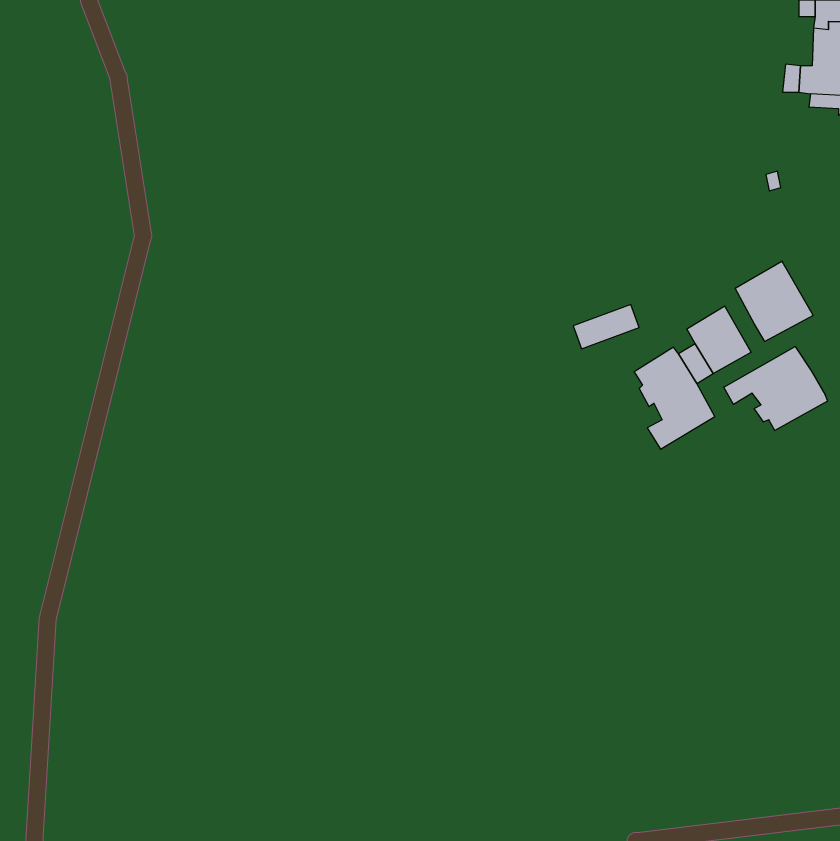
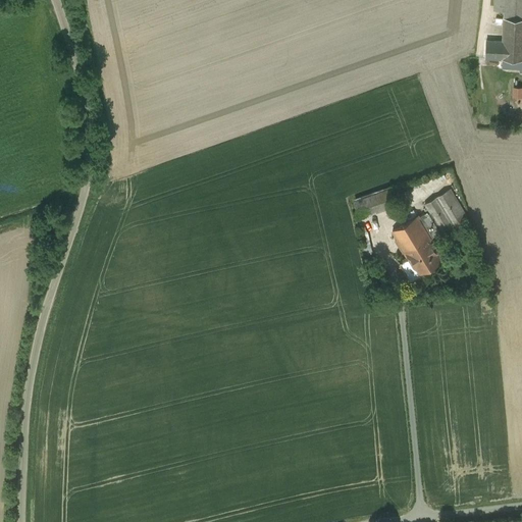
building: [735,261,813,342] -> none
building: [724,346,827,431] -> none

